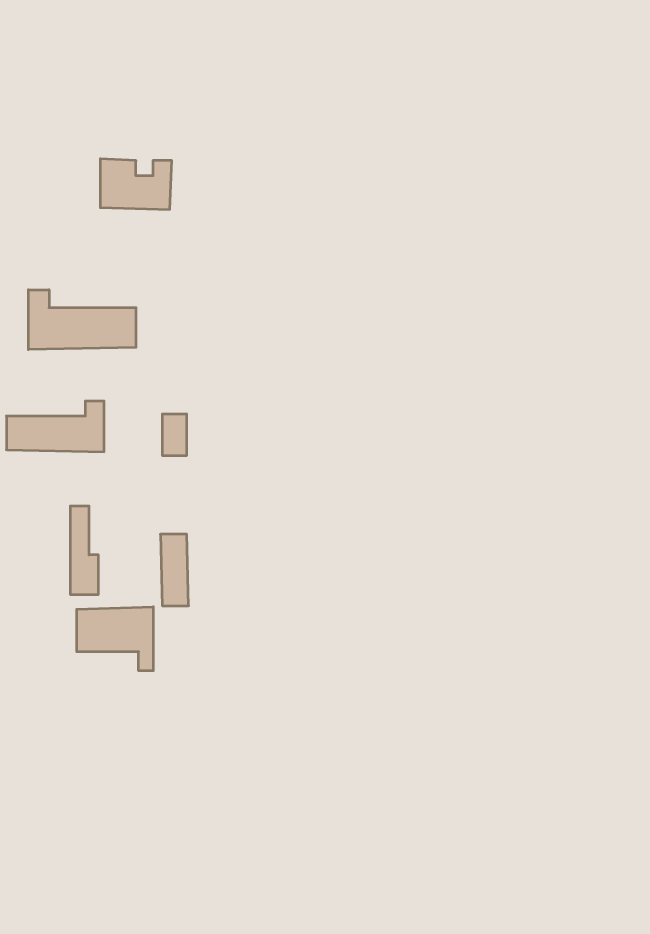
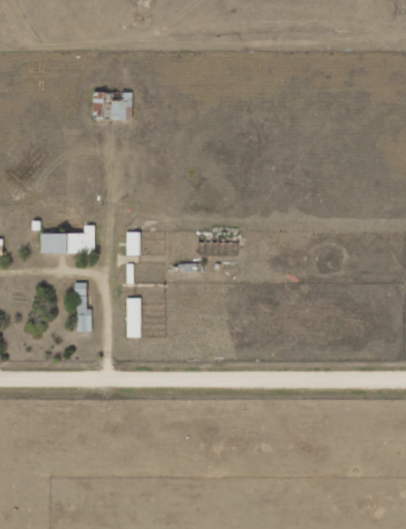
building: [28,290,136,350] -> none
building: [77,607,153,671] -> none

